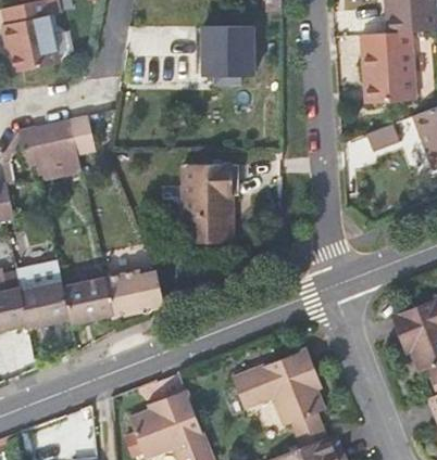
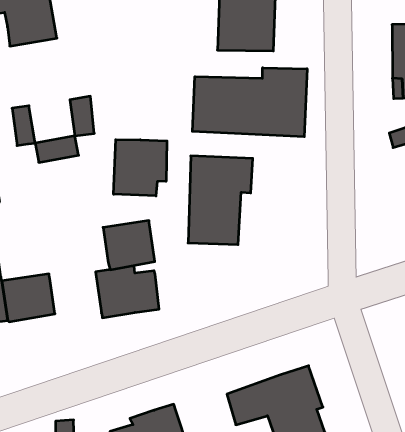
building: none -> [192,68,307,137]
building: [35,120,78,162] -> none
building: none -> [114,140,167,196]
building: [63,276,112,322] -> [103,221,155,270]

